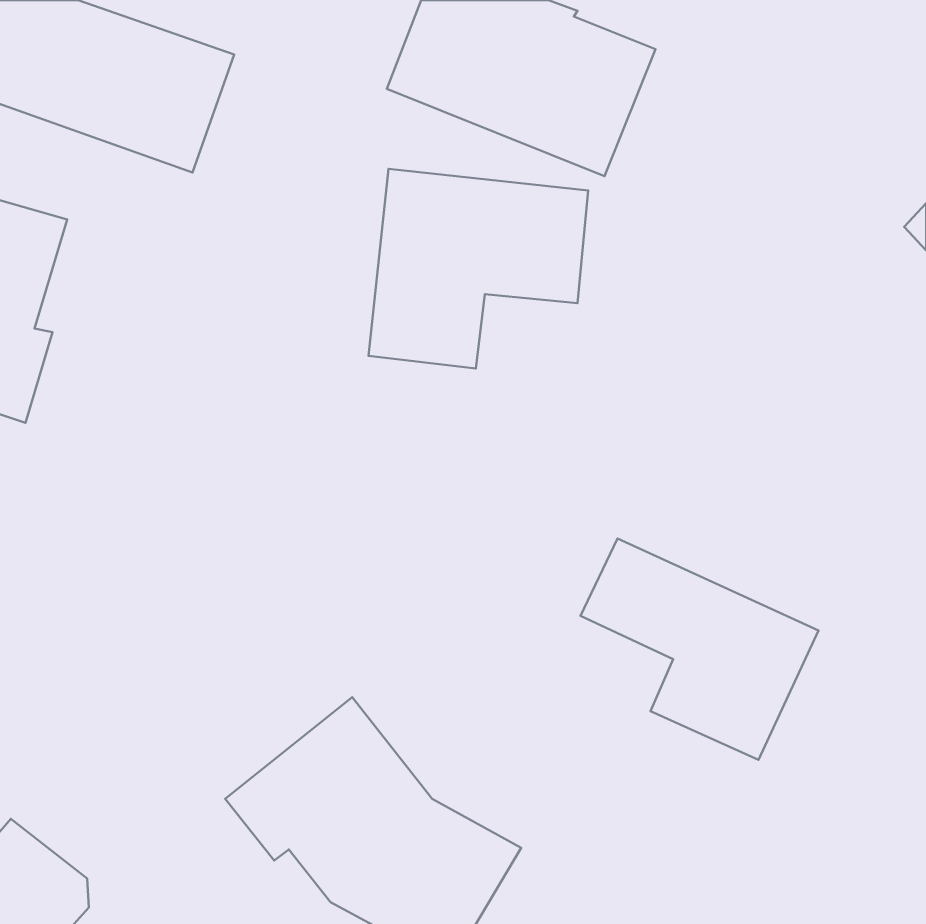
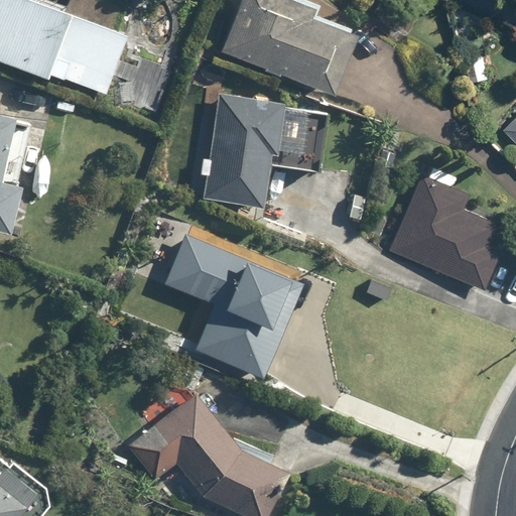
building: none -> [385,173,501,291]
building: none -> [165,238,287,376]
building: [580,538,819,760] -> none

